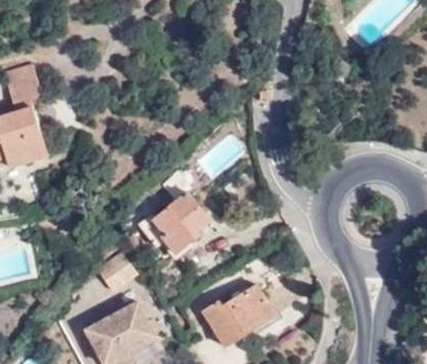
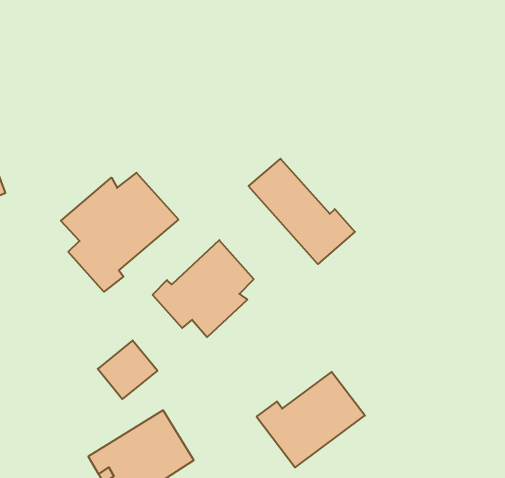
building: none -> [249,159,355,264]
building: none -> [61,173,178,292]

